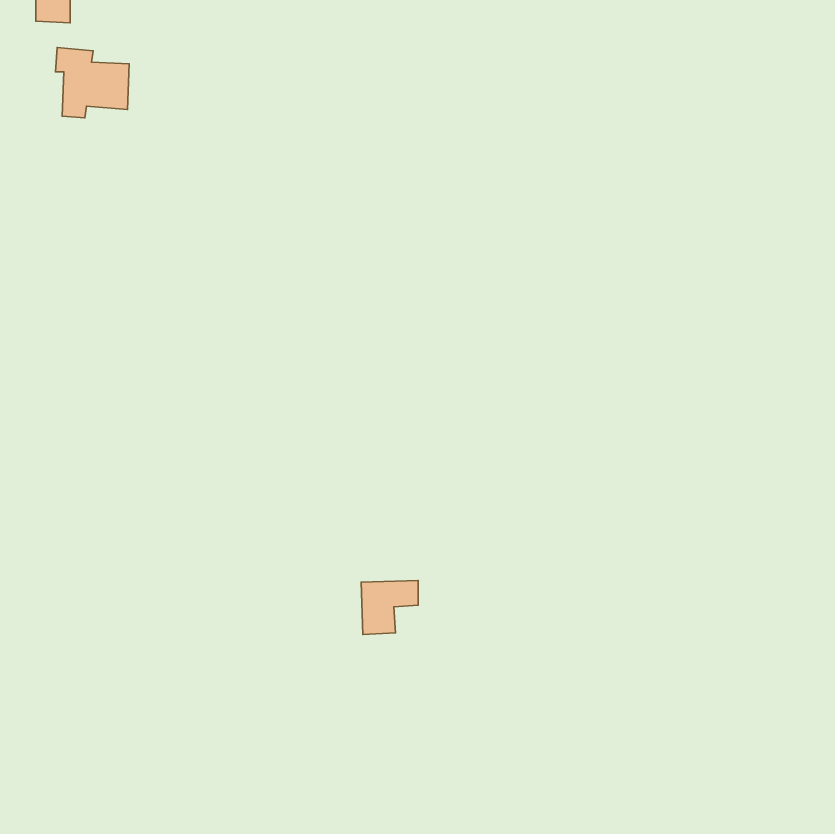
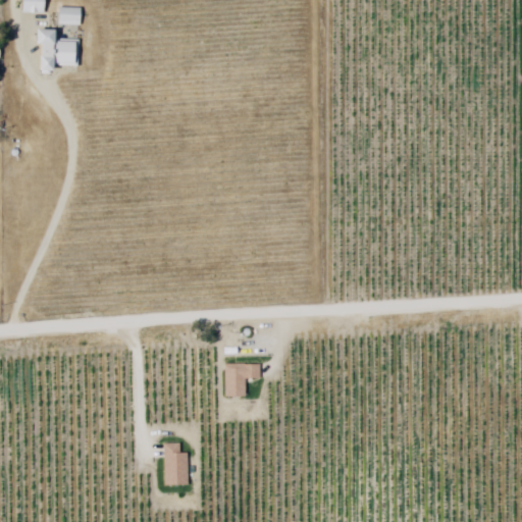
building: none -> [58,8,82,27]
building: none -> [163,442,189,485]

